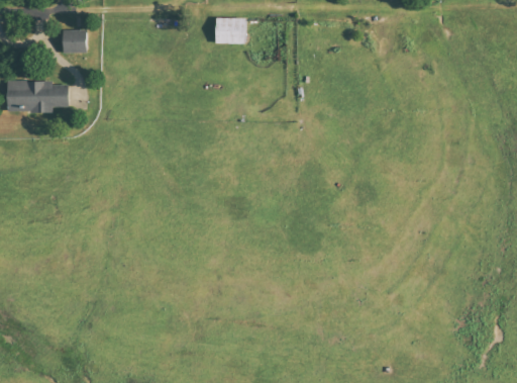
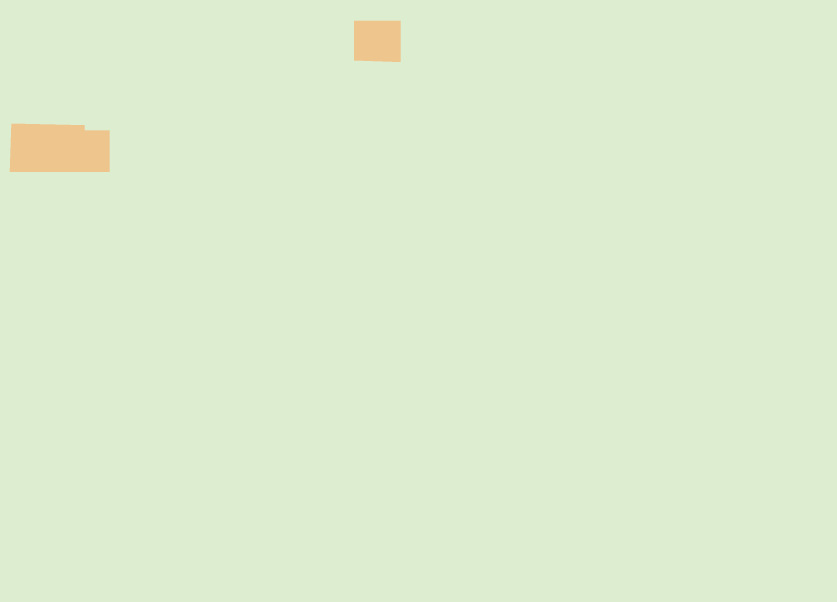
building: [62,29,87,53] -> none

